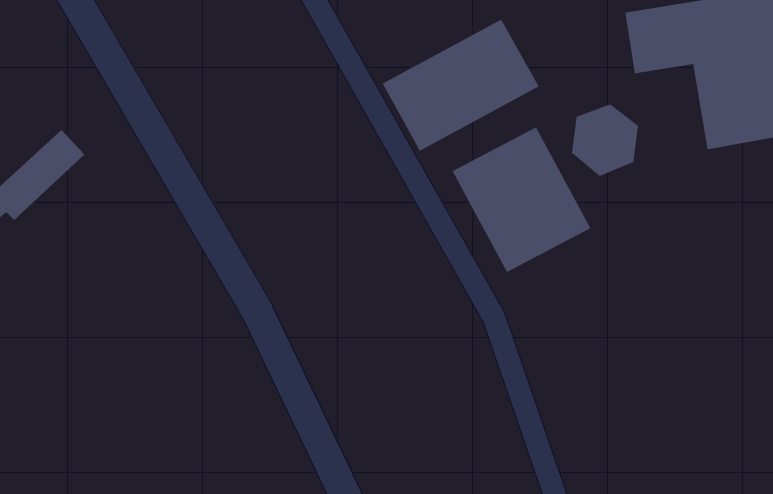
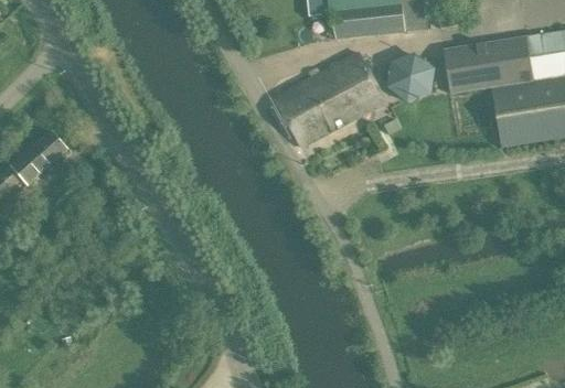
building: [571,104,639,176] -> [387,53,435,104]
building: [452,126,591,273] -> none

